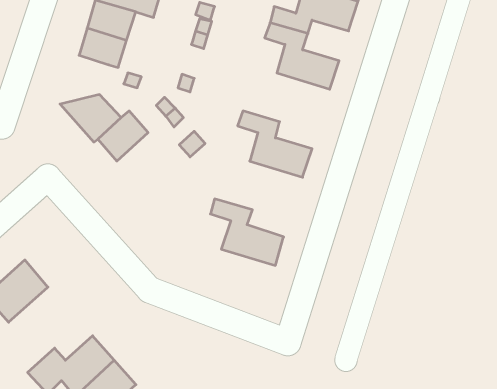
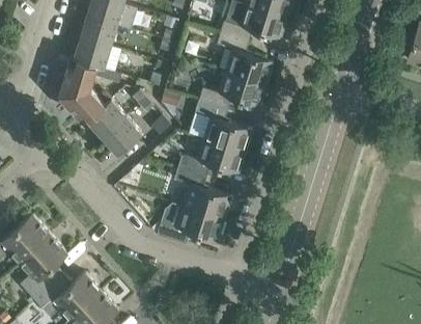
building: none -> [59,57,96,96]
building: none -> [199,72,265,109]
building: none -> [103,117,141,156]
building: none -> [177,139,245,177]
building: none -> [157,207,224,245]
building: none -> [20,236,66,301]

